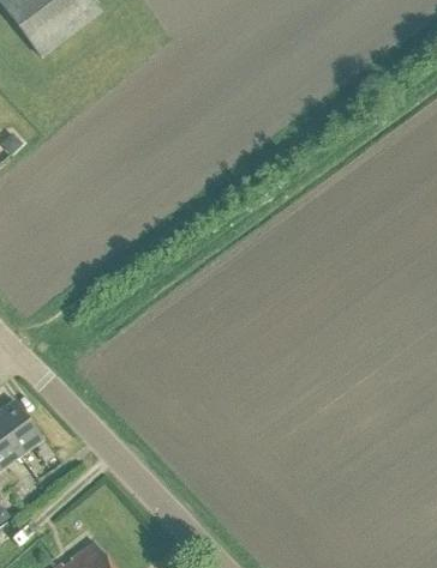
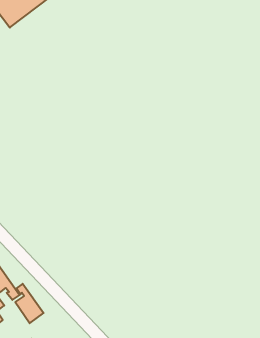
building: none -> [15,284,44,323]

